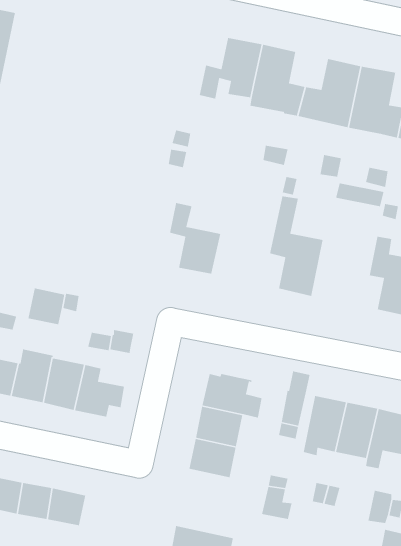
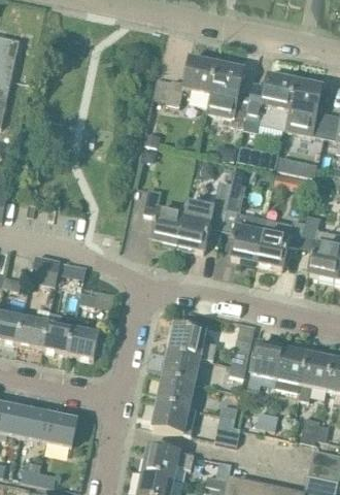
building: none -> [175,179,231,252]
building: none -> [254,213,306,268]
building: none -> [150,400,190,434]

